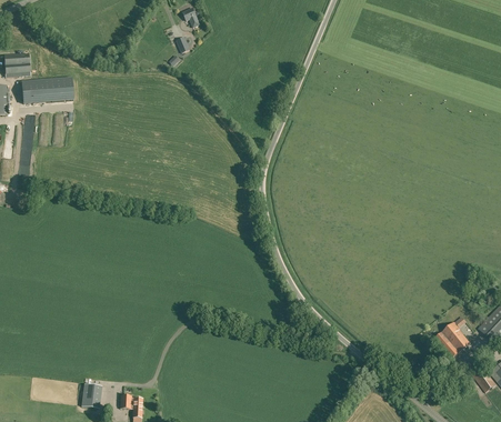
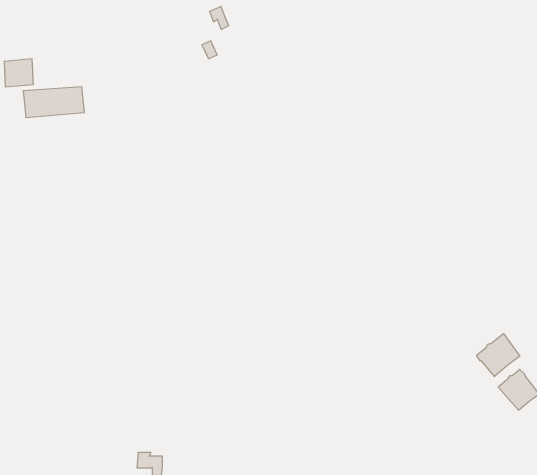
building: none -> [477,334,520,377]
building: [83,382,104,406] -> none

